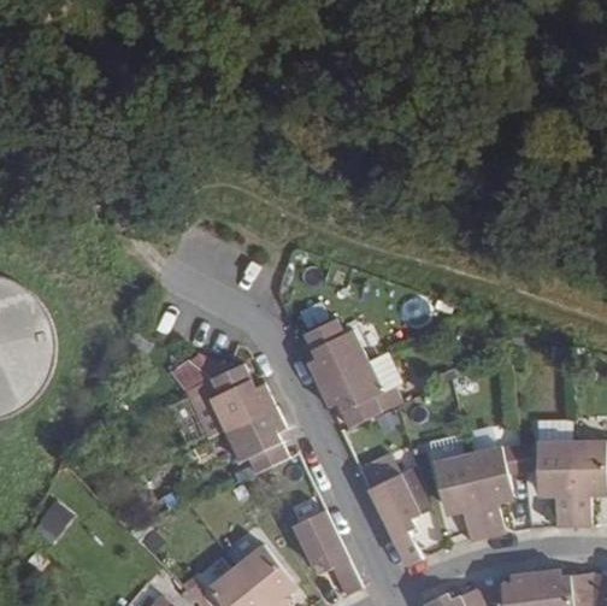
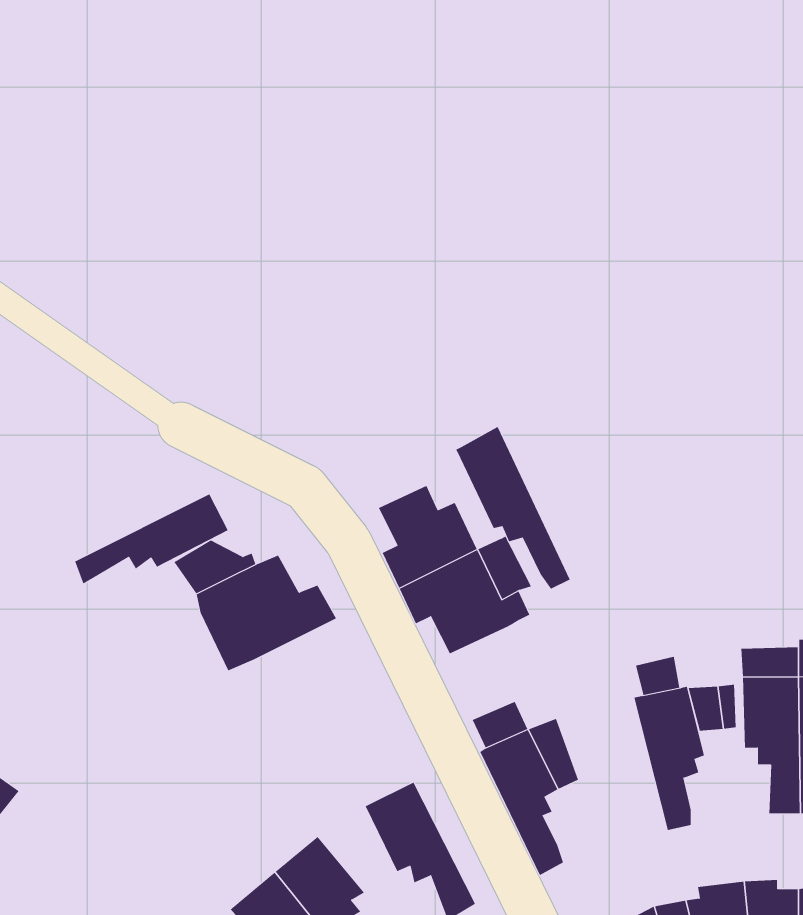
building: none -> [455,426,570,590]
building: none -> [74,494,229,585]
building: [222,404,285,472] -> none
building: [432,454,487,543] -> none

